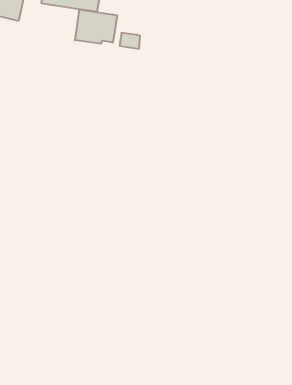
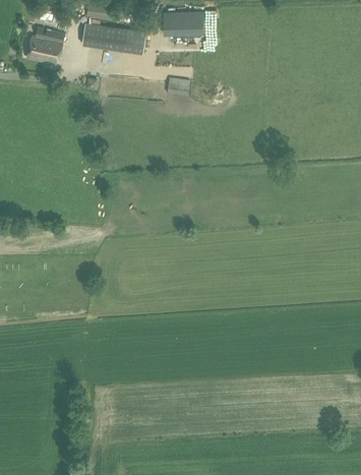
building: [75,10,117,44] -> none

